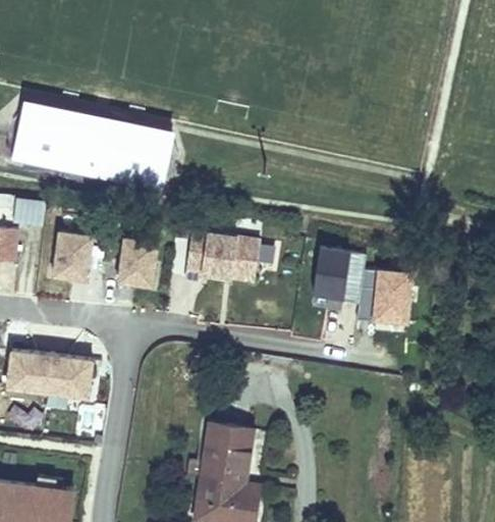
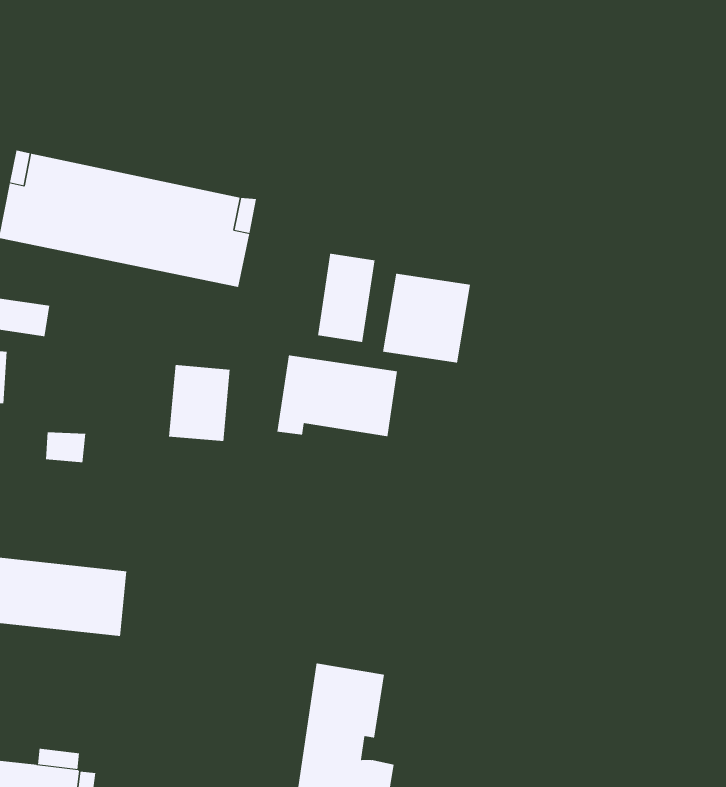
building: none -> [317,253,375,343]
building: [54,230,94,280] -> none
building: [309,246,364,302] -> [382,273,471,363]
building: [371,269,409,323] -> none

